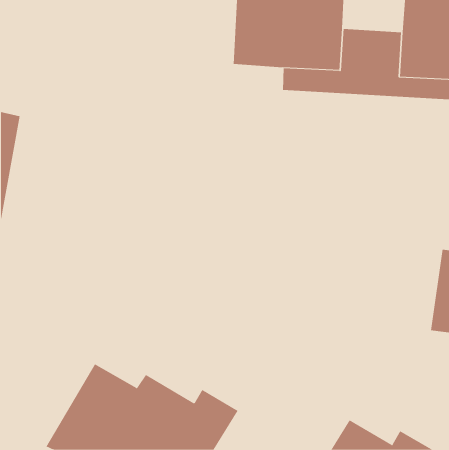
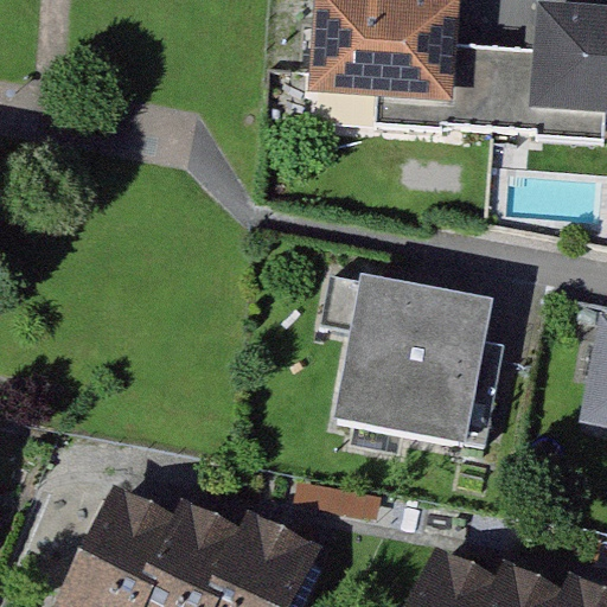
building: none -> [324,281,490,455]

